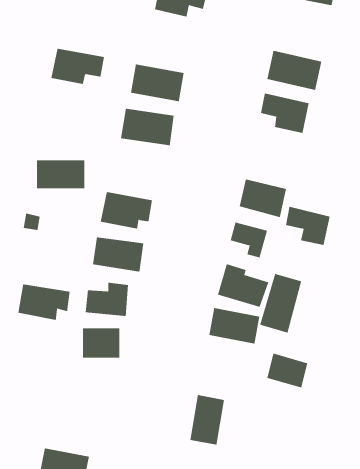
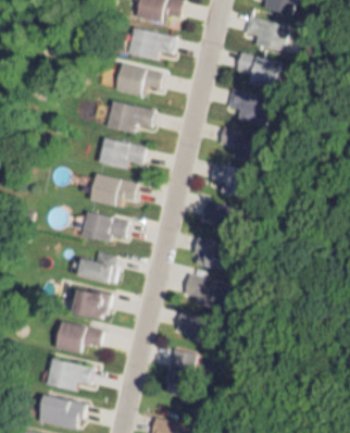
building: none -> [243,14,287,50]
building: [51,48,105,85] -> [127,27,174,59]
building: [36,160,85,189] -> [101,140,143,165]
building: [285,206,331,245] -> [218,125,258,159]
building: [260,273,302,333] -> none
building: [17,284,70,321] -> [55,321,101,352]
building: [266,353,308,388] -> [174,309,210,339]
building: none -> [48,362,86,387]

